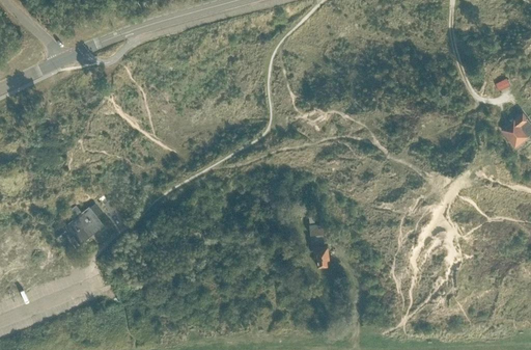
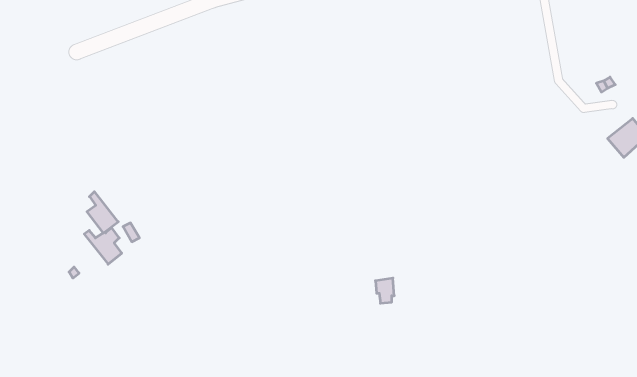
building: [65,209,91,243] -> [87,192,118,233]

